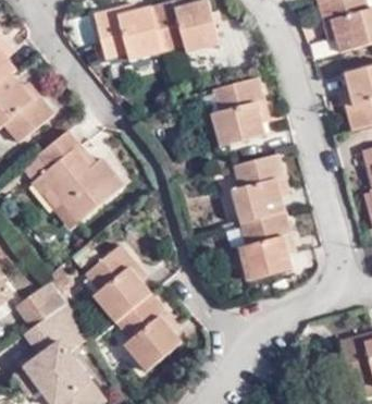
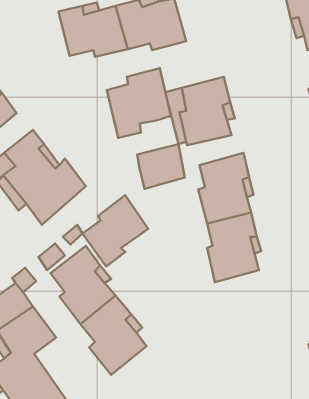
building: none -> [107,68,171,138]
building: none -> [137,144,185,189]
building: none -> [83,195,148,266]

